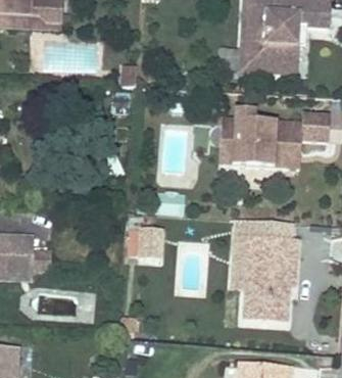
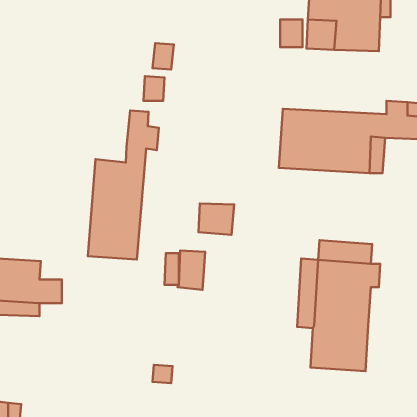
building: none -> [88,110,159,260]

